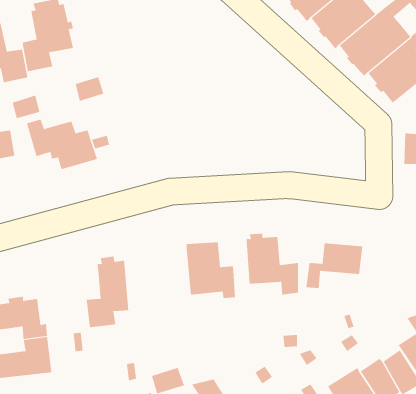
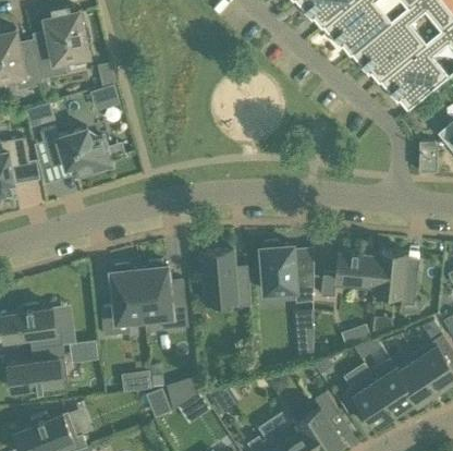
building: none -> [374,251,420,315]
building: none -> [139,261,188,330]

